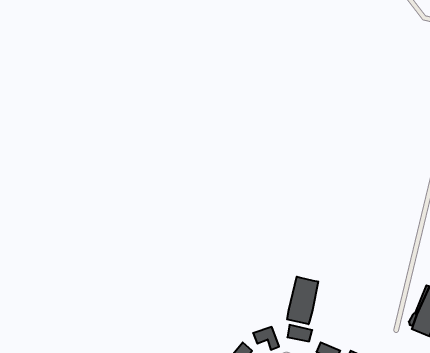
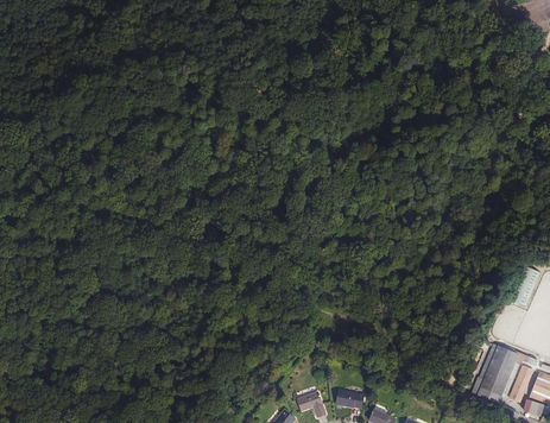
building: [287,277,318,324] -> none

